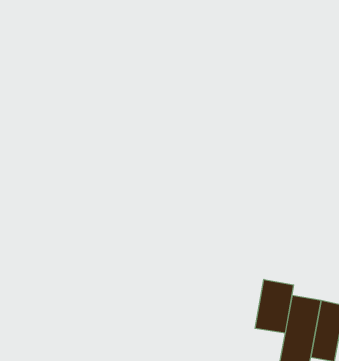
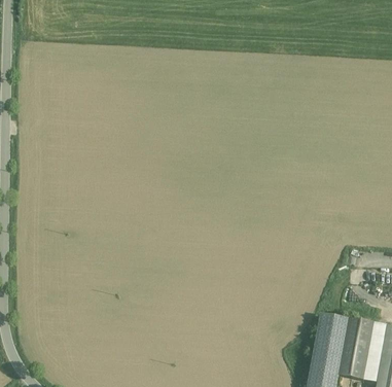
building: [255,279,294,333] -> none

